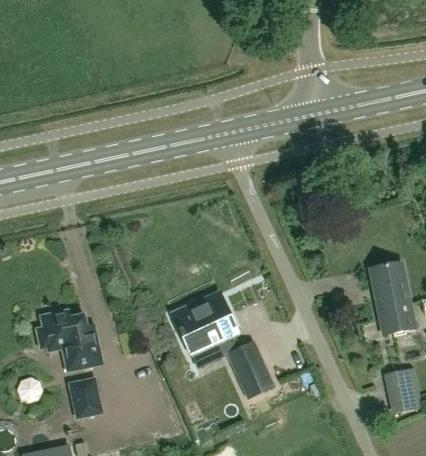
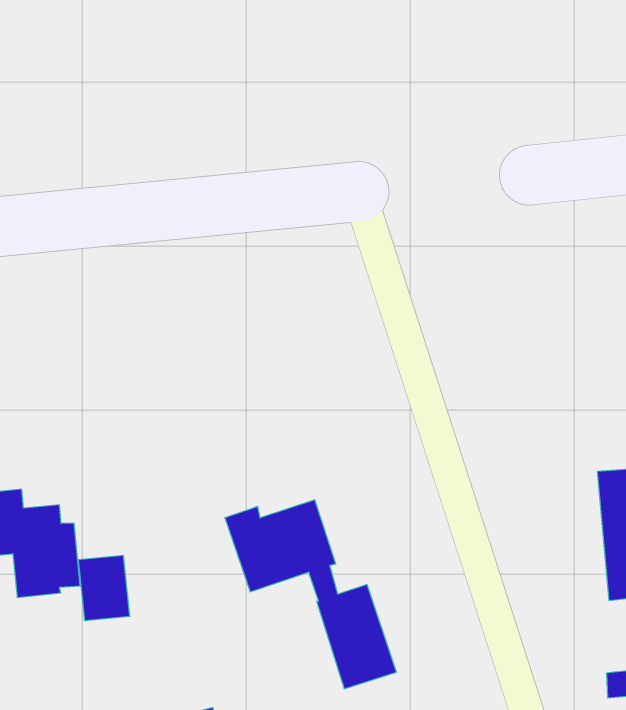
building: [69,380,100,417] -> [78,556,130,621]

